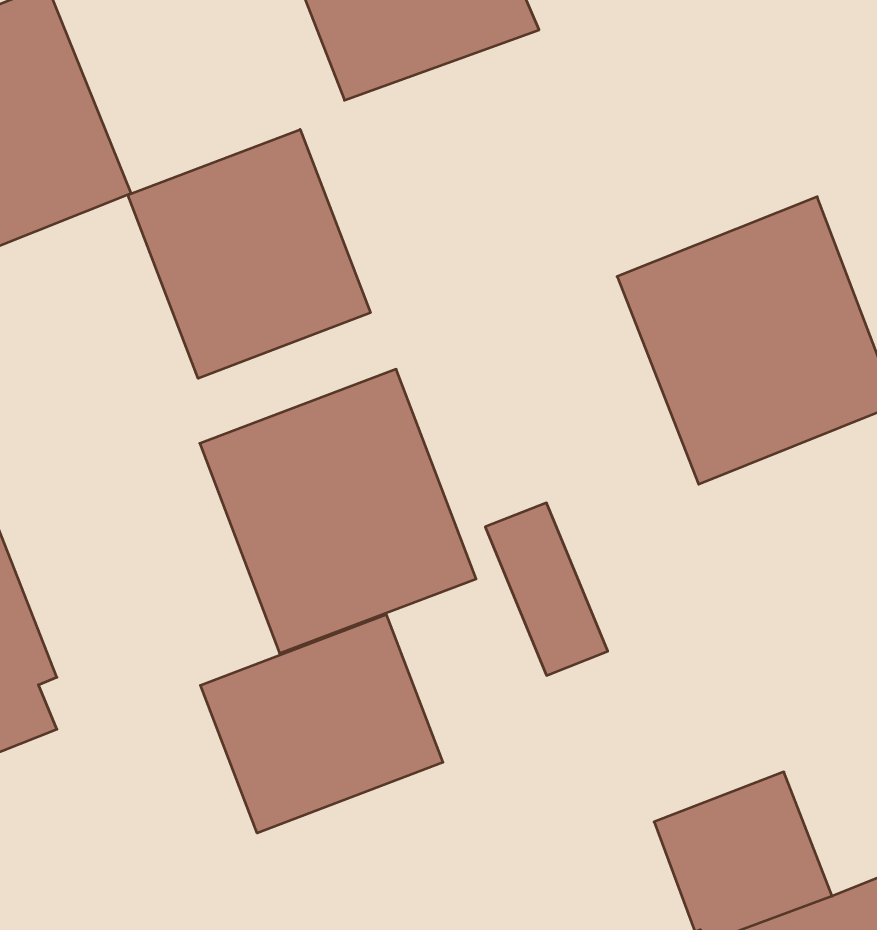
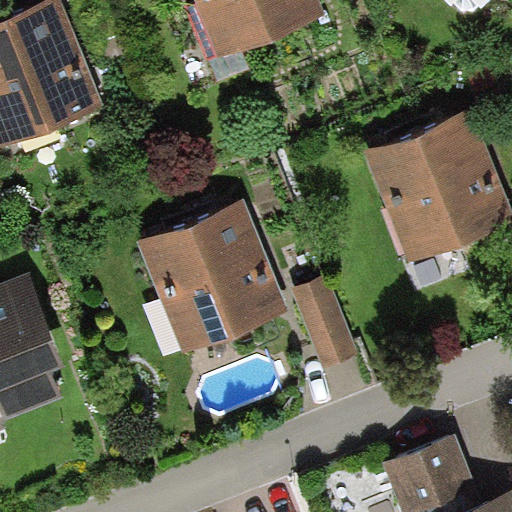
building: [128,129,370,378] -> none
building: [200,615,443,833] -> none

